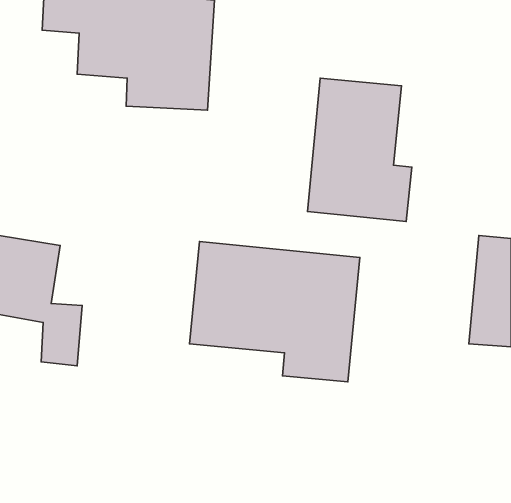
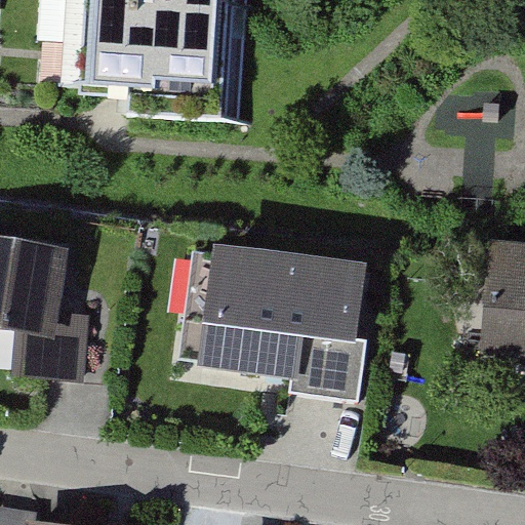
building: [307,78,412,221] -> none

